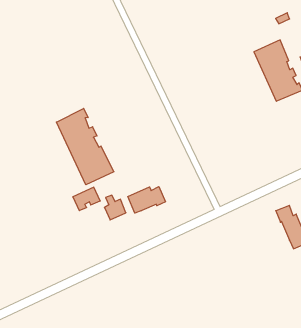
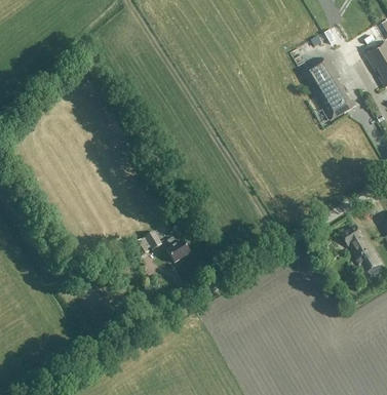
building: [56,108,114,185] -> none
building: [128,187,166,213] -> none

